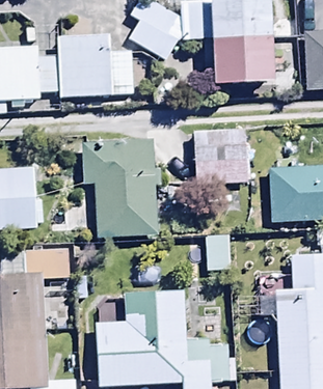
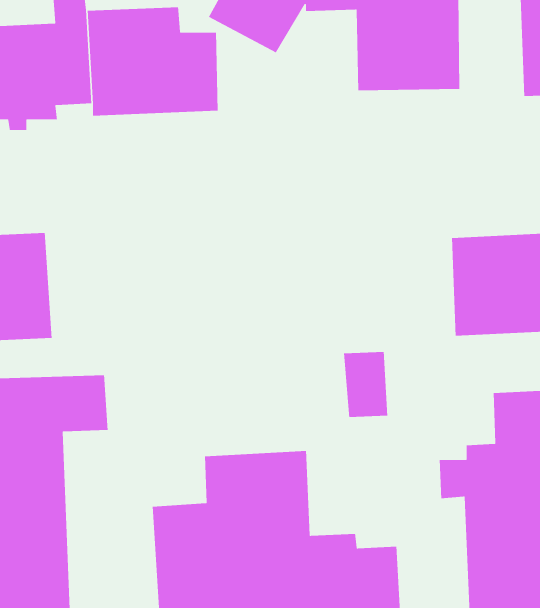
building: [194,130,245,182] -> none
building: [82,139,163,238] -> none

